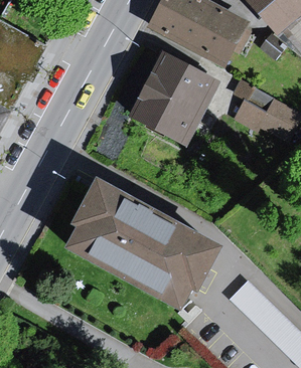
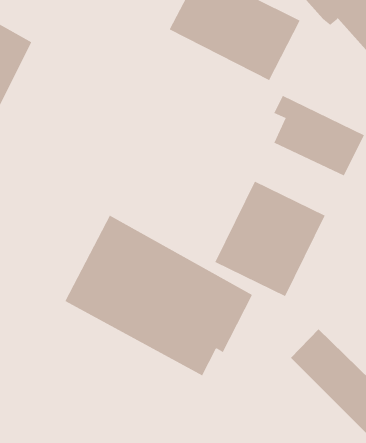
building: [130,60,216,151] -> [215,181,326,297]

